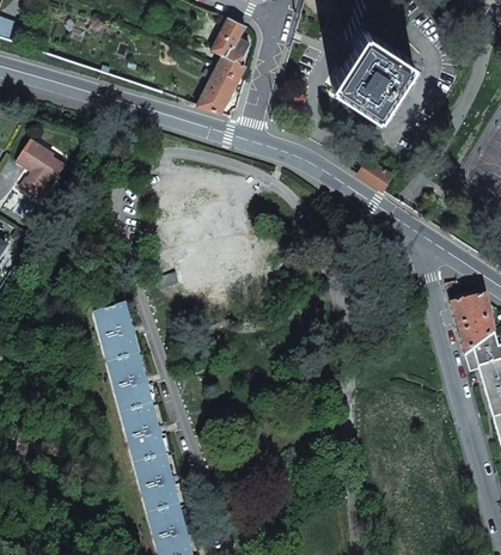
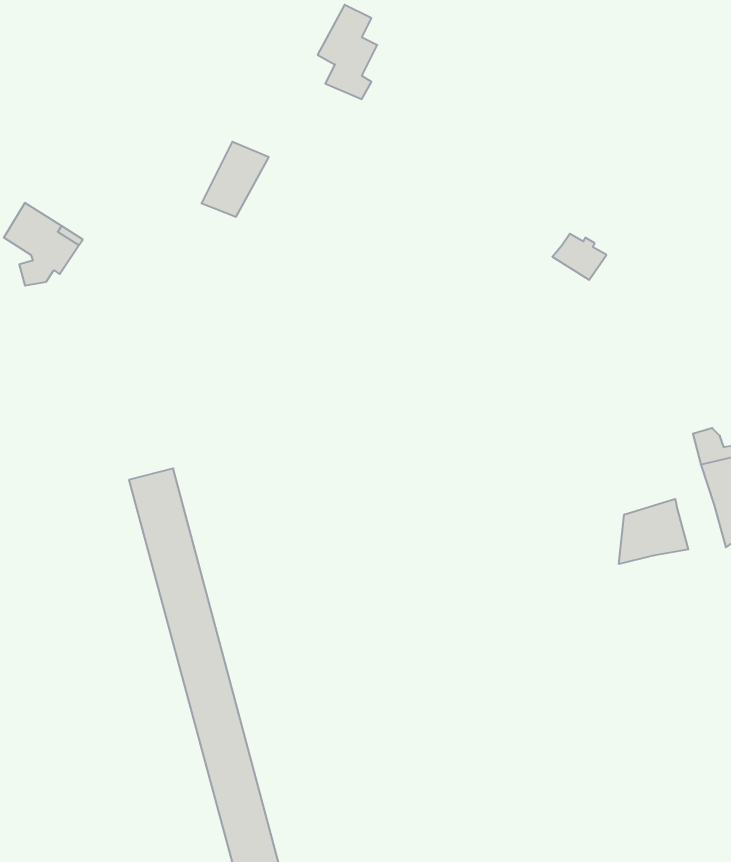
building: [332,31,414,115] -> none
building: [198,67,240,114] -> [201,142,269,217]
building: none -> [619,499,688,564]

